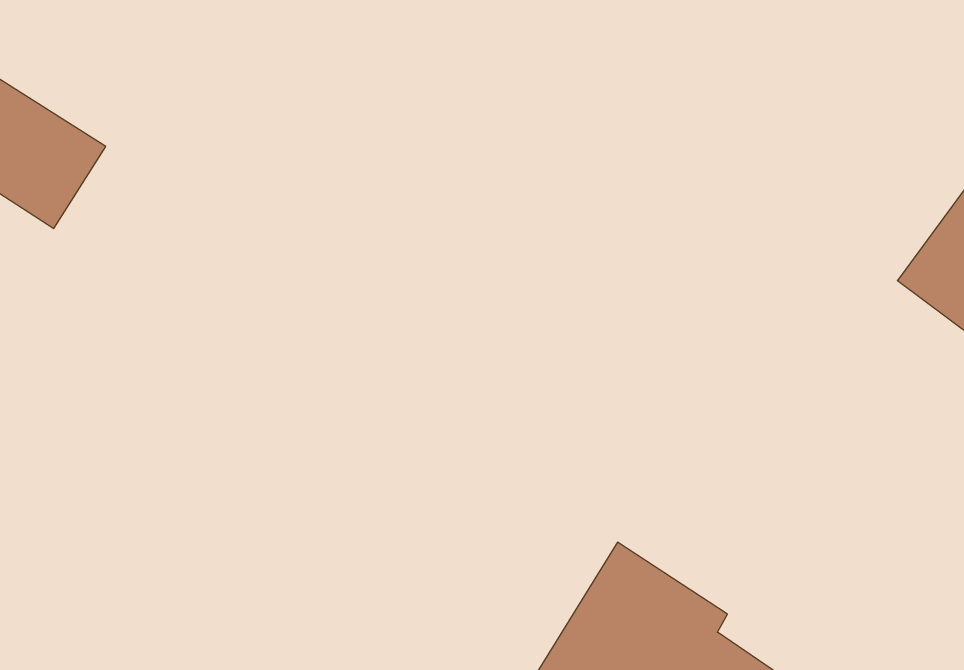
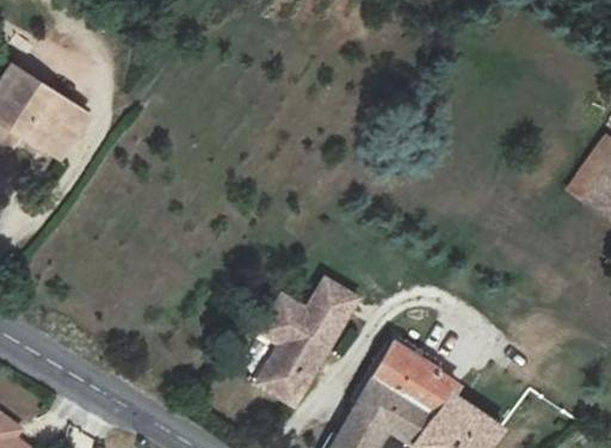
building: none -> [258,278,359,405]

